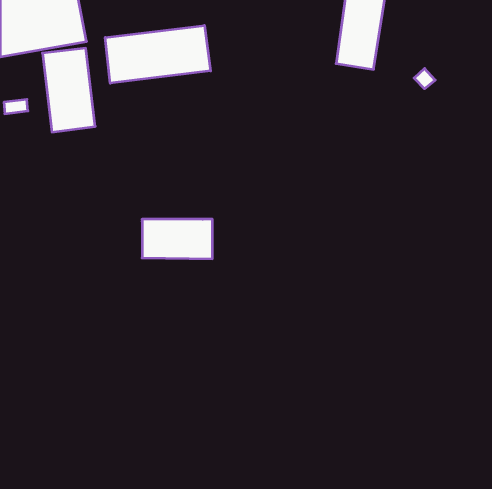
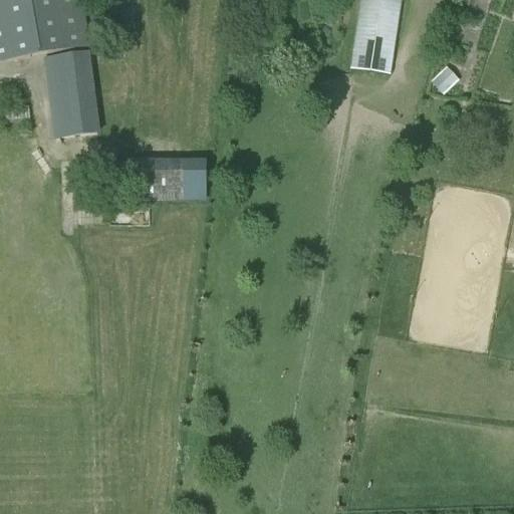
building: [105,25,211,83] -> none
building: [142,219,212,259] -> [132,158,205,199]

